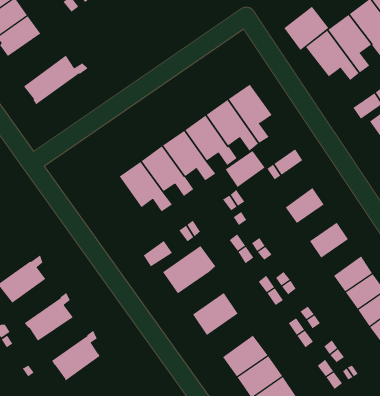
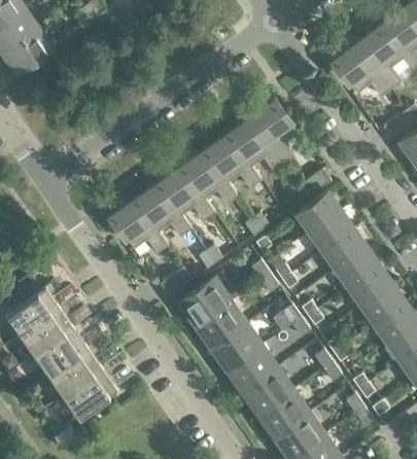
building: [283,6,329,51] -> none
building: [23,55,88,105] -> none
building: [225,150,265,188] -> [298,192,341,233]
building: none -> [110,200,168,254]
building: none -> [323,230,367,269]
building: none -> [349,267,392,306]
building: none -> [197,302,246,347]
building: none -> [20,304,71,356]
building: none -> [47,344,100,396]
building: none -> [228,346,277,392]

